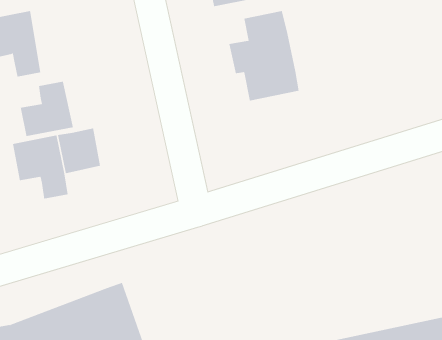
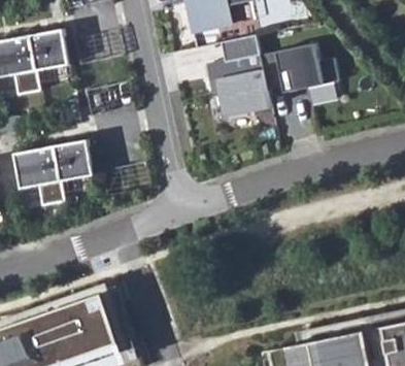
building: none -> [29,30,68,71]
building: none -> [260,43,338,93]
building: [20,81,73,137] -> none

